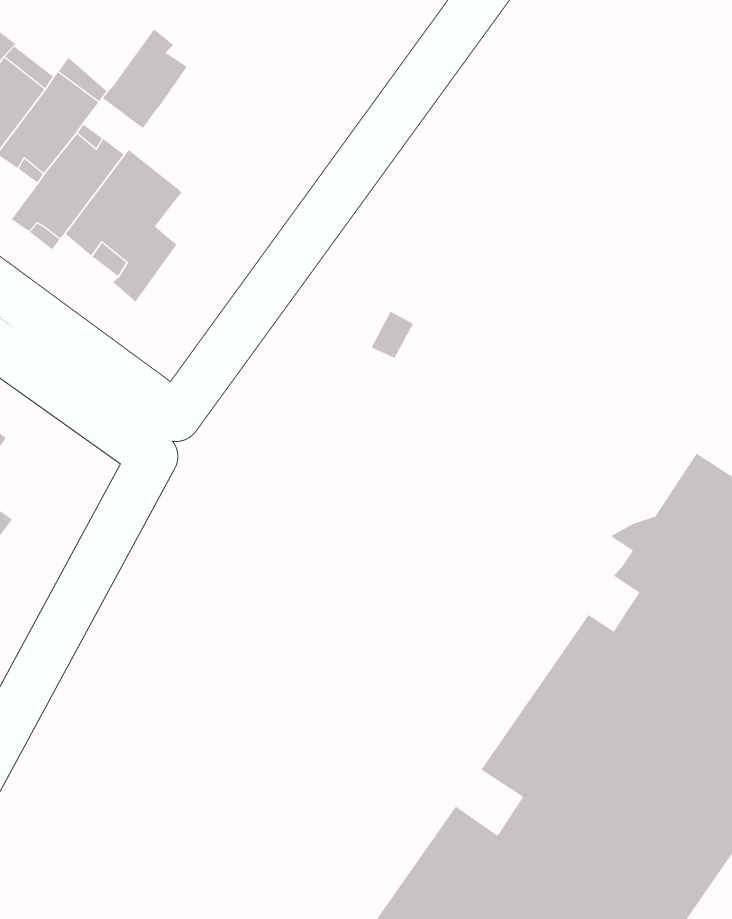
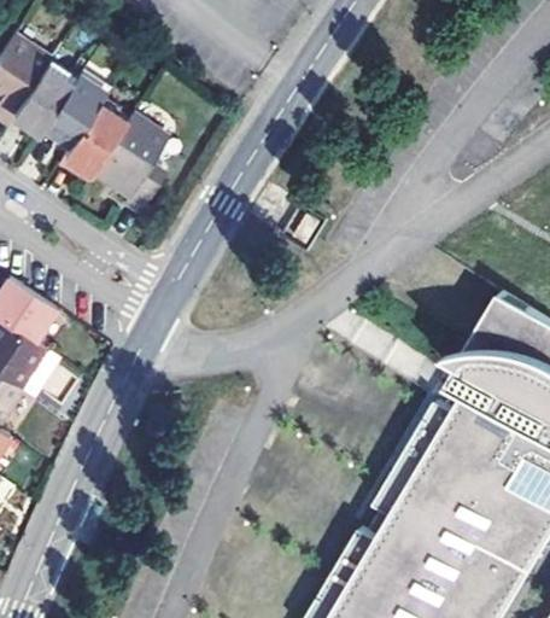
building: [102,29,187,129] -> none

